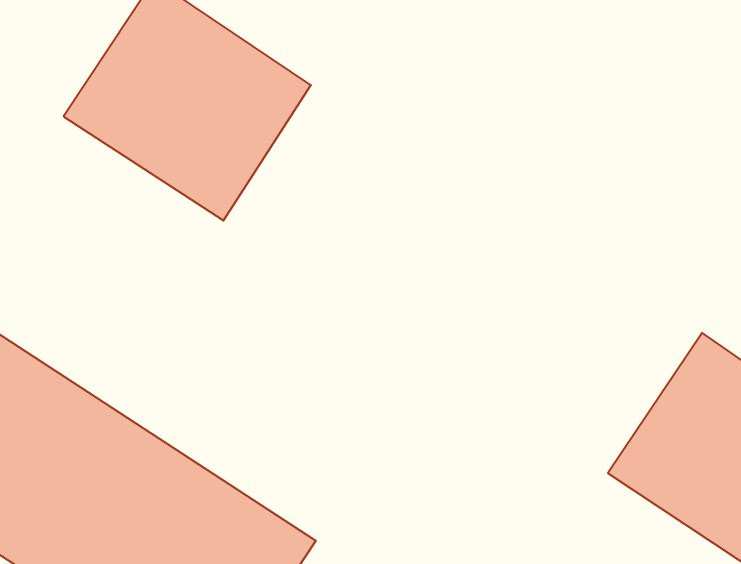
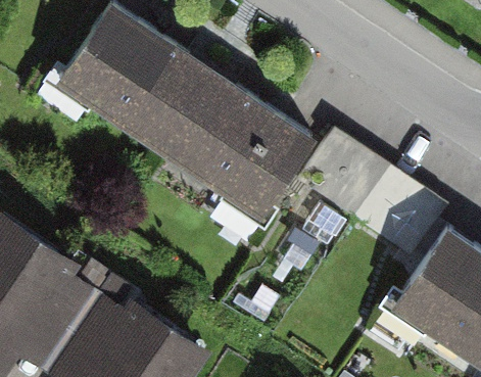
building: none -> [155,70,311,219]

